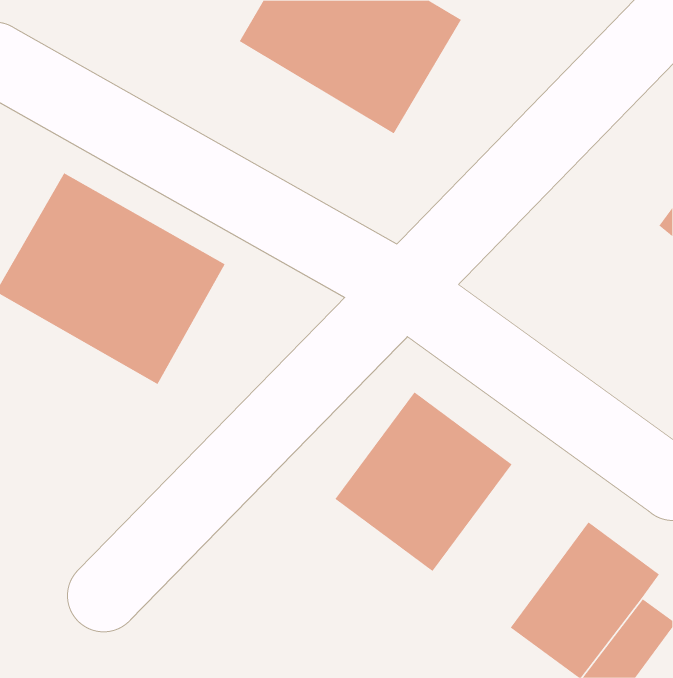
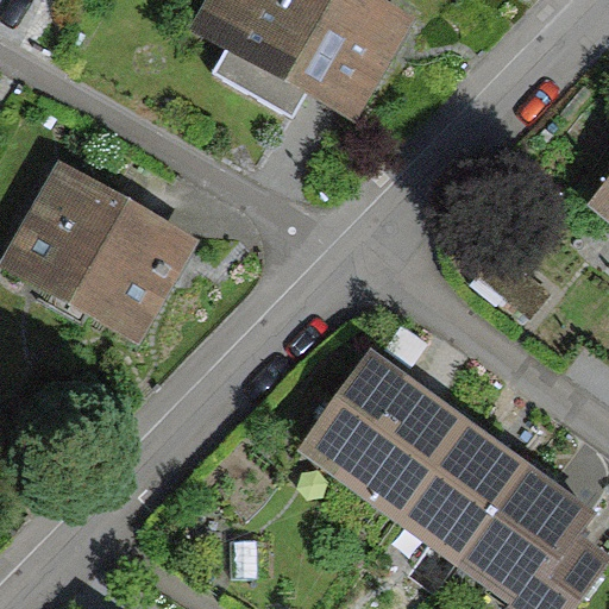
building: none -> [388,416,527,563]

